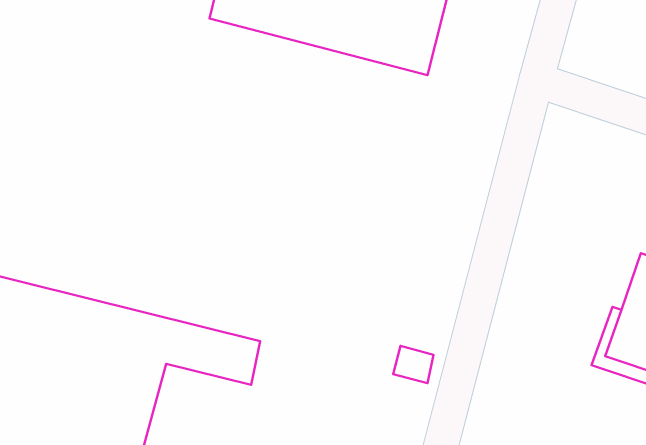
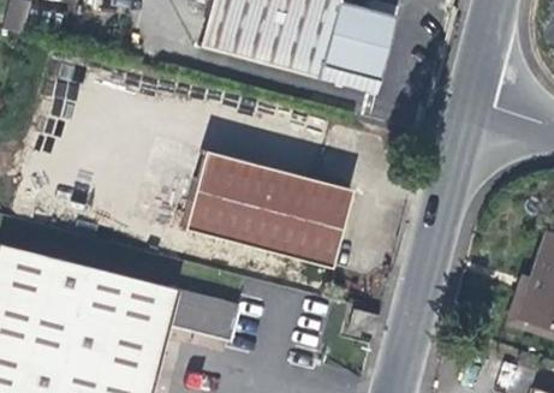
building: none -> [180,149,350,266]

